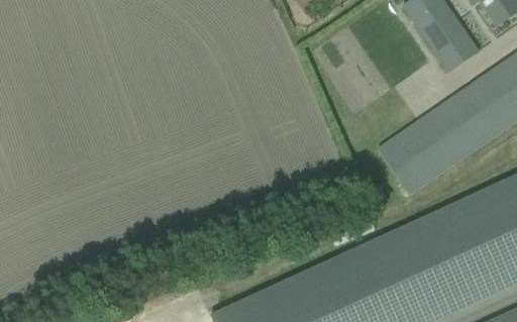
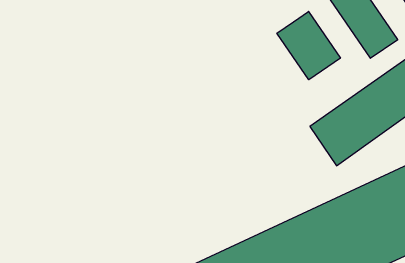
building: none -> [277,11,340,80]

